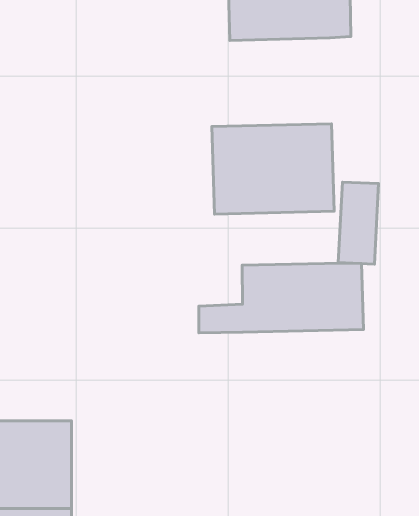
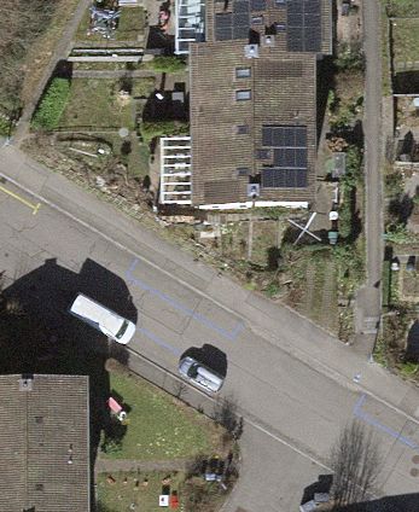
building: none -> [197,52,302,129]
building: [199,263,364,333] -> none

